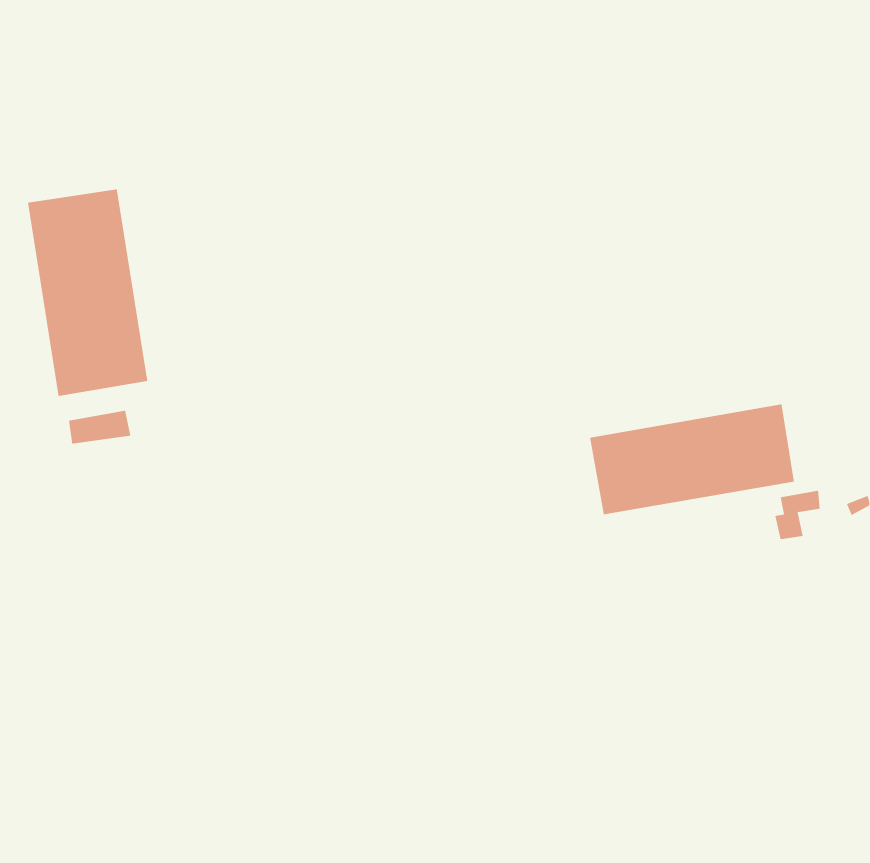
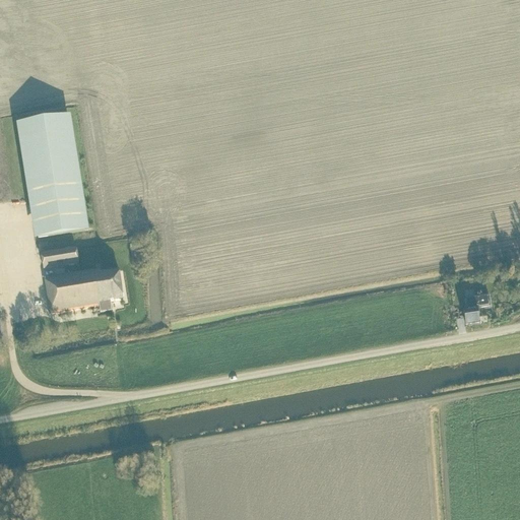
building: [589,404,794,515] -> none
building: none -> [45,266,123,311]

